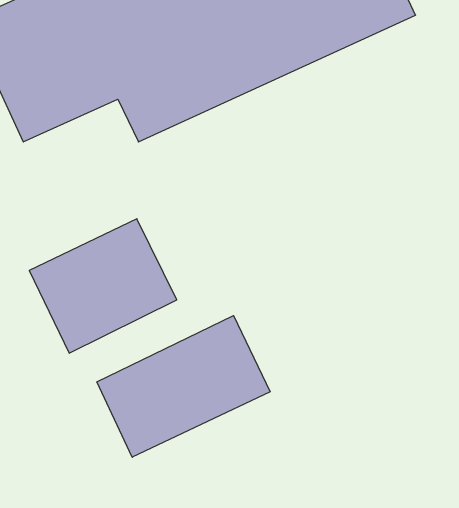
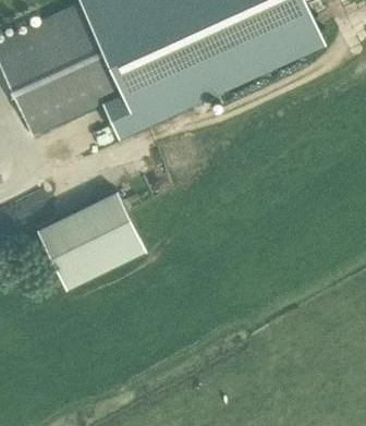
building: [97,316,270,457] -> none

